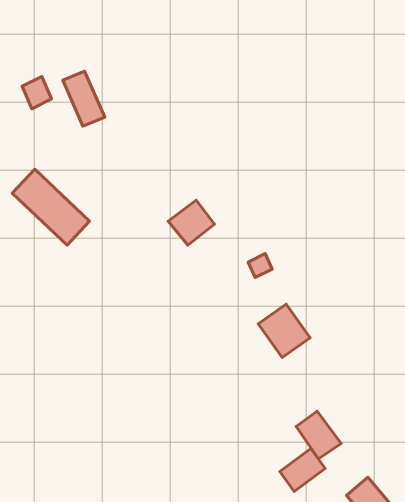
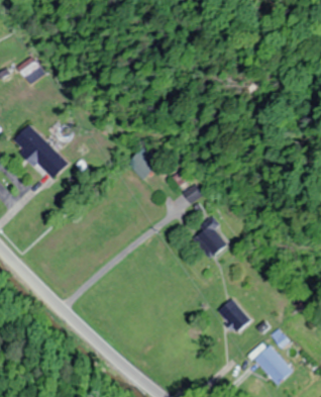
building: [63,71,105,126] -> none
building: [280,449,325,491] -> none

